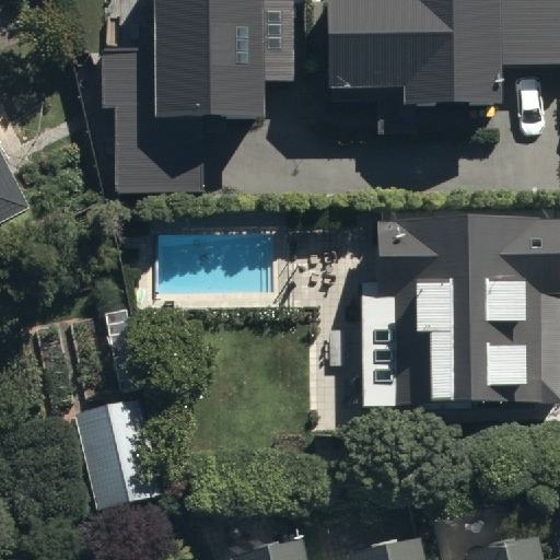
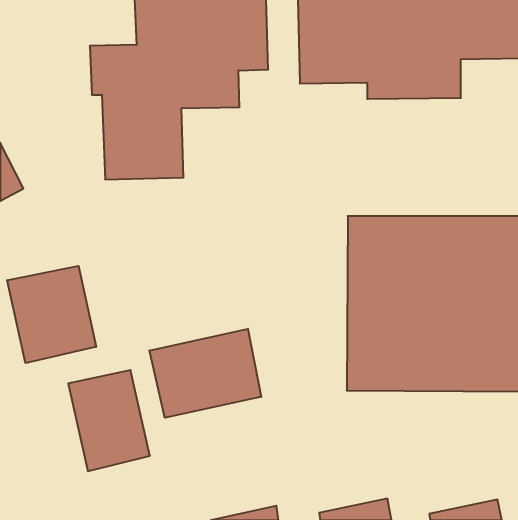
building: none -> [7,266,96,363]
building: none -> [149,329,261,418]

